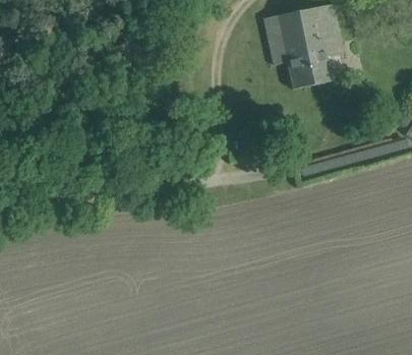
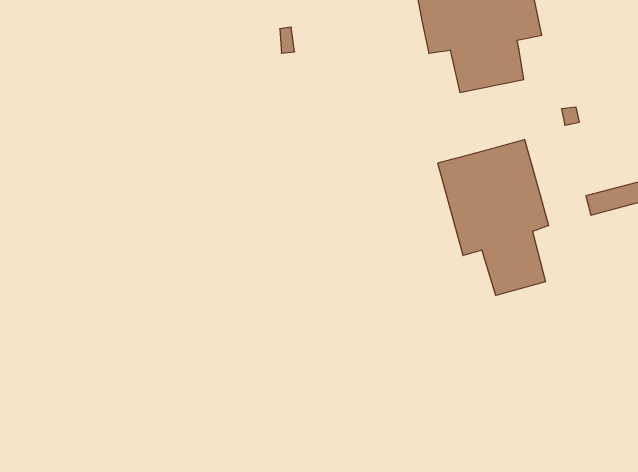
building: none -> [438,139,548,295]

